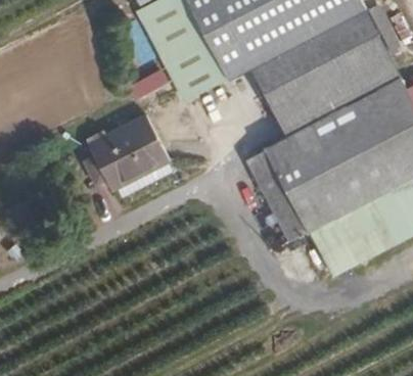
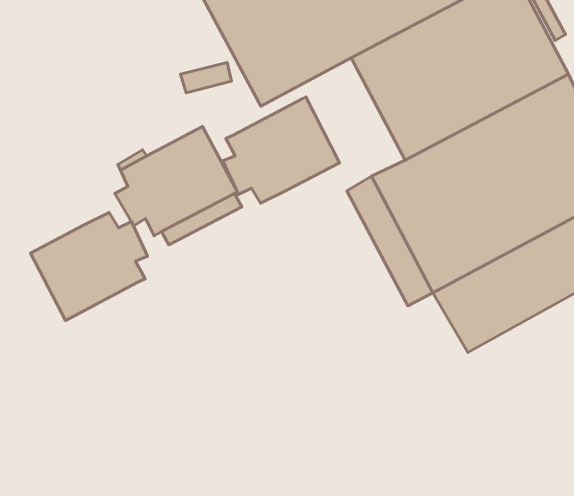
building: none -> [223,97,340,203]
building: none -> [31,212,148,321]

